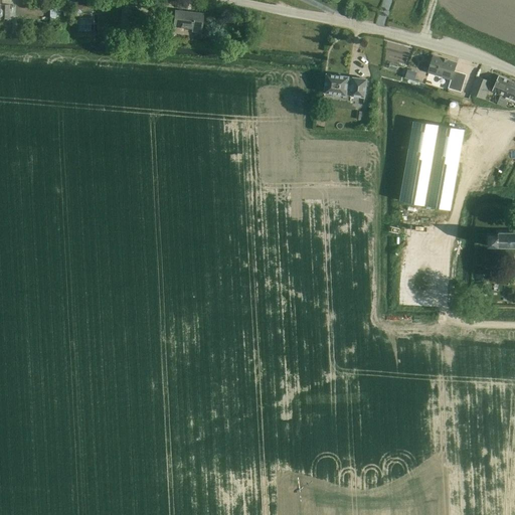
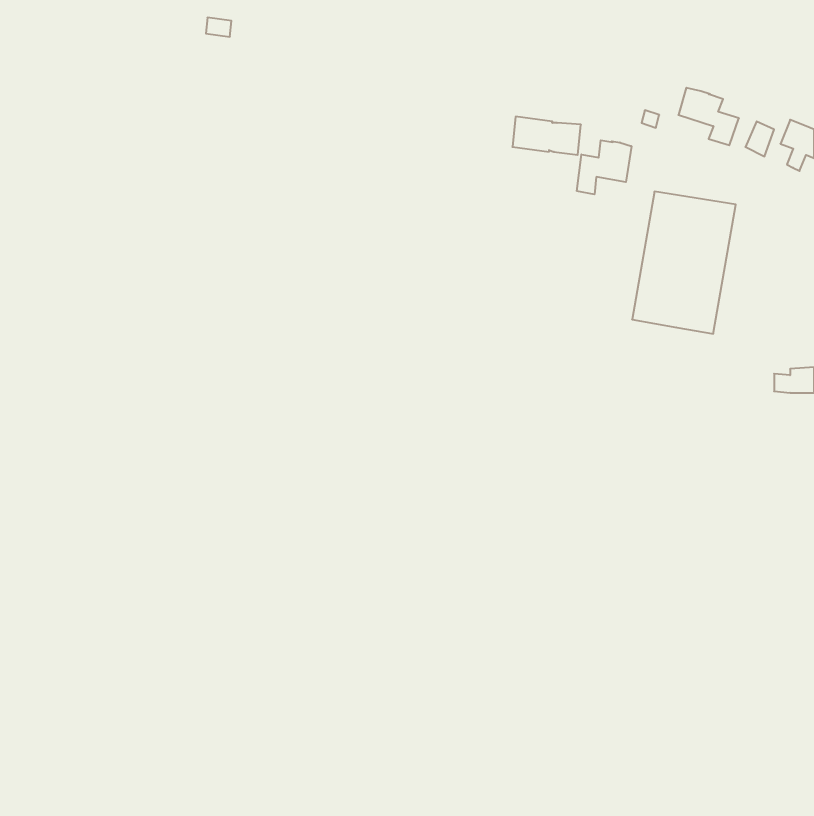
building: [172,10,202,32] -> none
building: none -> [577,140,631,194]

